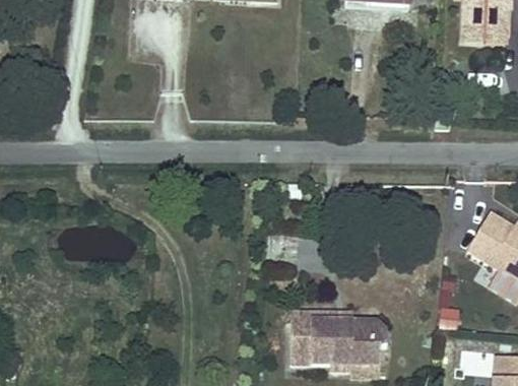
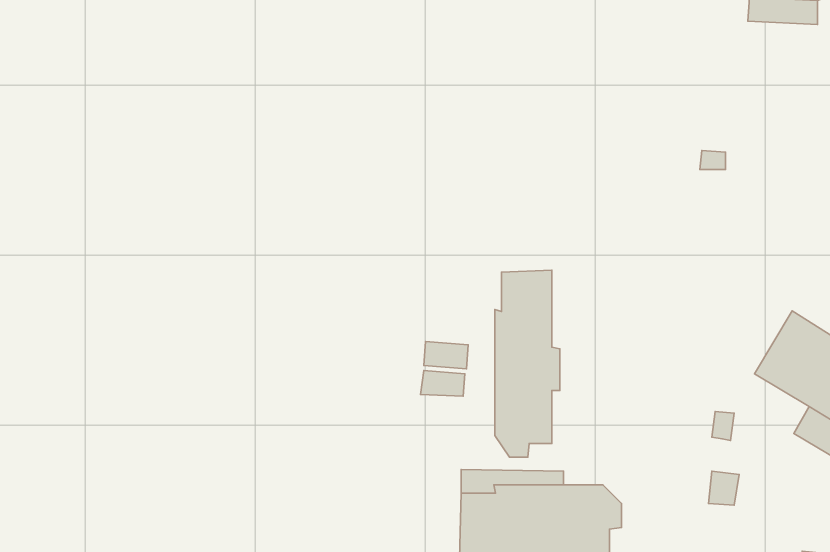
building: none -> [495,270,560,457]

